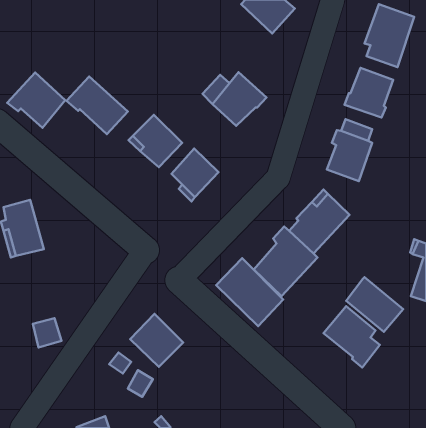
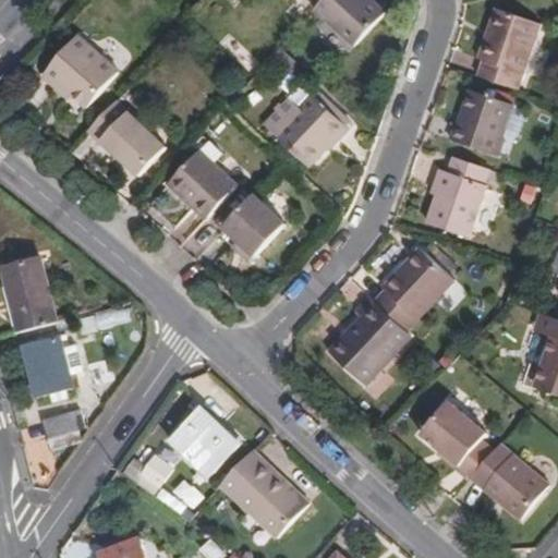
building: [7,72,65,128] -> [41,36,117,108]
building: [216,258,283,326] -> [219,450,306,538]
building: none -> [23,337,82,397]
building: [346,277,403,332] -> [471,446,545,517]

